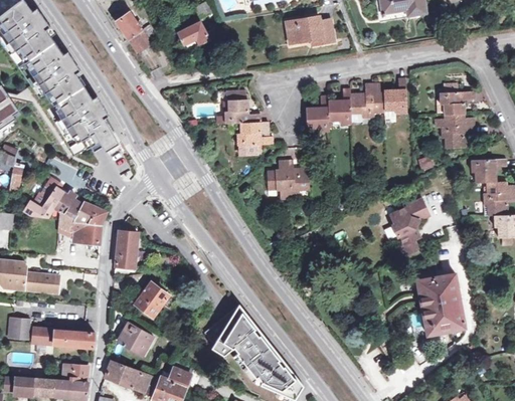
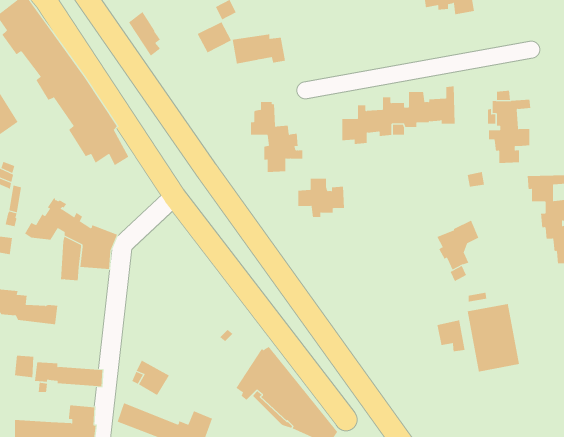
building: [285,16,333,43] -> [232,34,286,64]
building: [117,231,139,267] -> none
building: [135,281,169,317] -> none
building: none -> [437,319,465,352]

